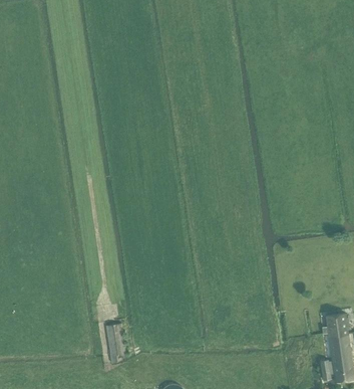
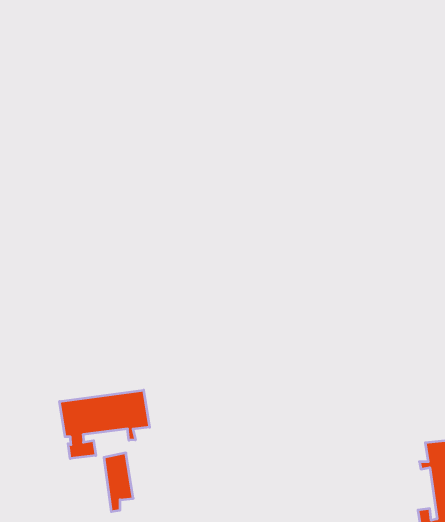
building: none -> [60,390,150,459]

